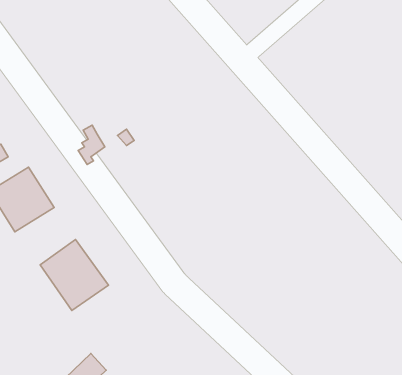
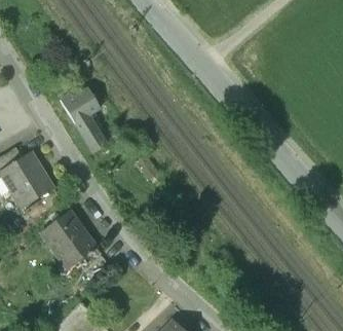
building: none -> [61,89,100,123]

